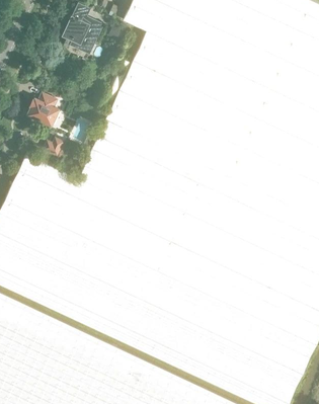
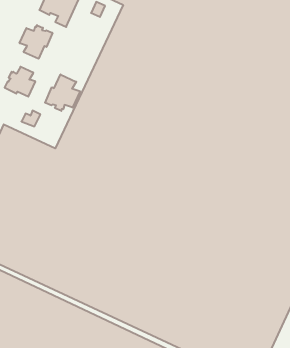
building: none -> [20,25,52,59]
building: none -> [45,74,80,111]

